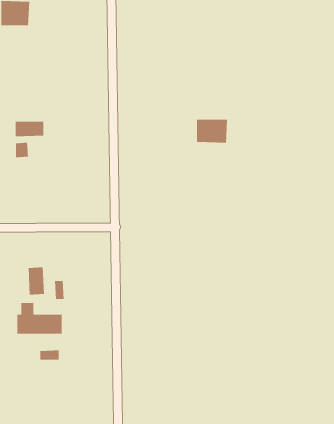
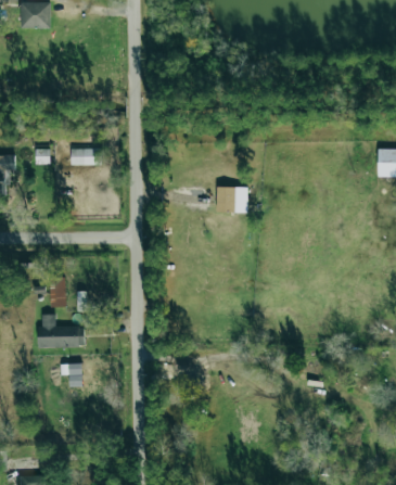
building: [196,119,228,143] -> [216,188,248,213]
building: [15,121,44,137] -> [71,149,101,165]

